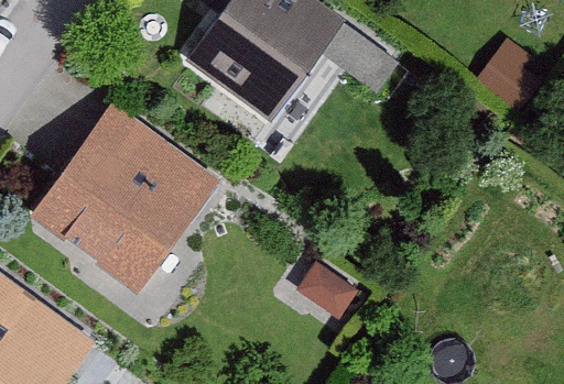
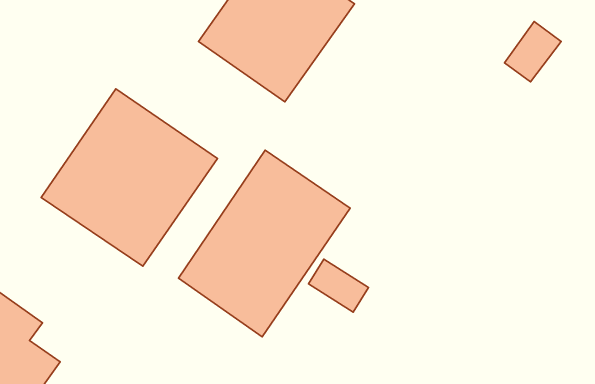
building: none -> [178,150,350,337]

